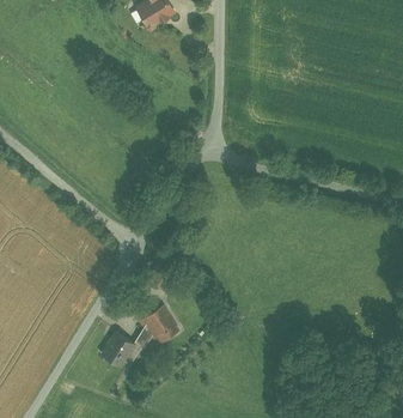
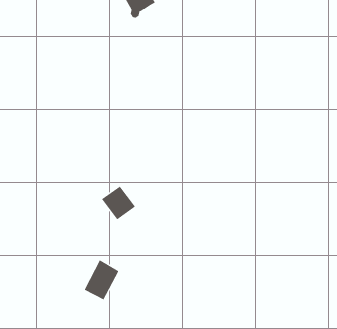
building: [142,308,182,347] -> [101,186,136,220]

